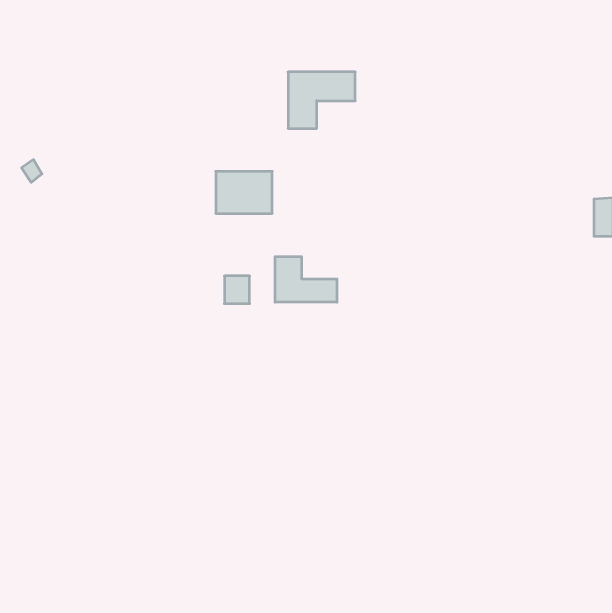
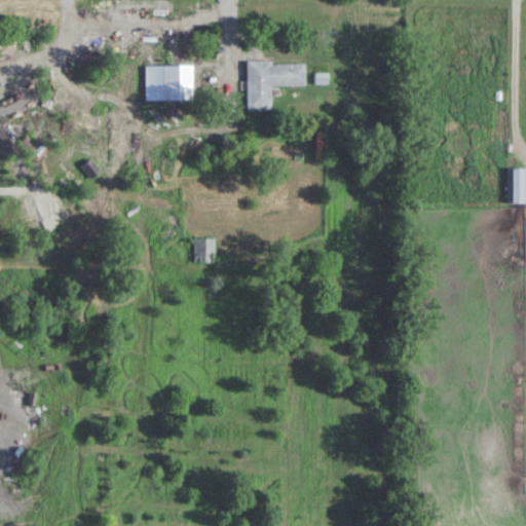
building: [216,171,272,213] -> [146,66,194,102]
building: [275,257,337,302] -> none

